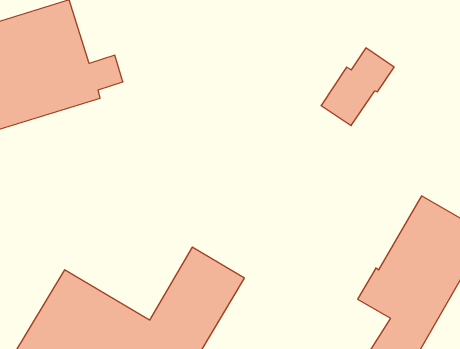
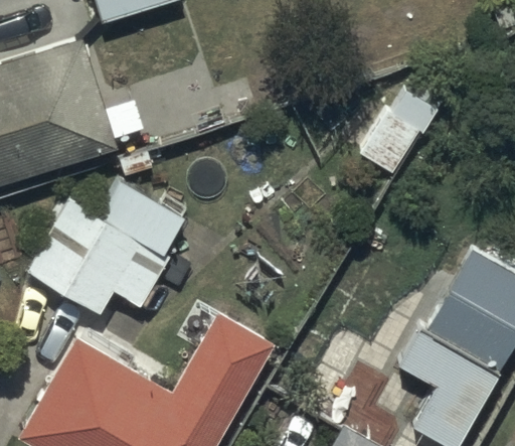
building: none -> [24,180,184,316]

